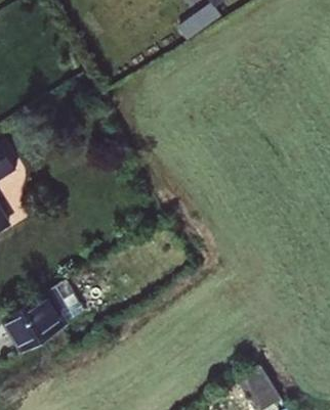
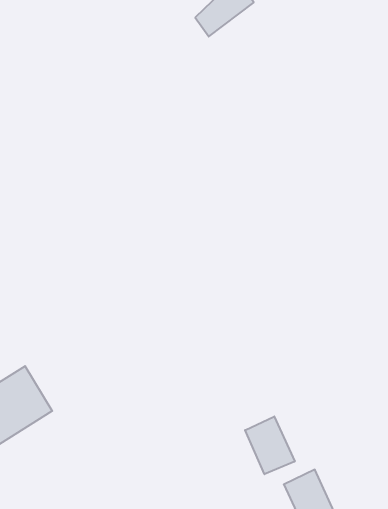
building: none -> [245,416,295,474]

